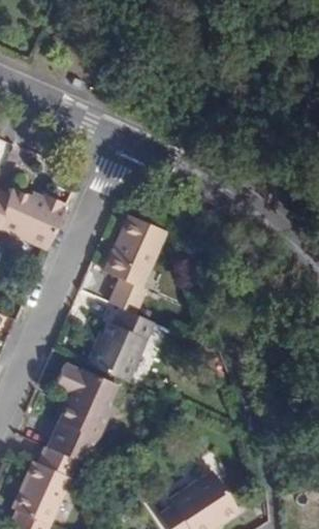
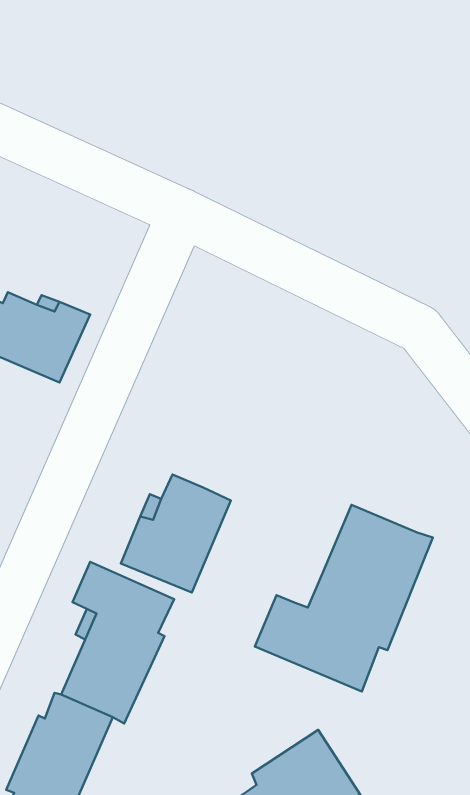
building: [101,216,167,315] -> none
building: none -> [255,505,433,691]

